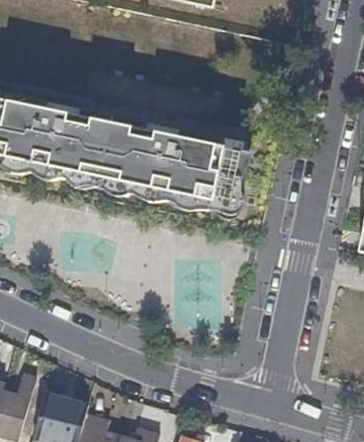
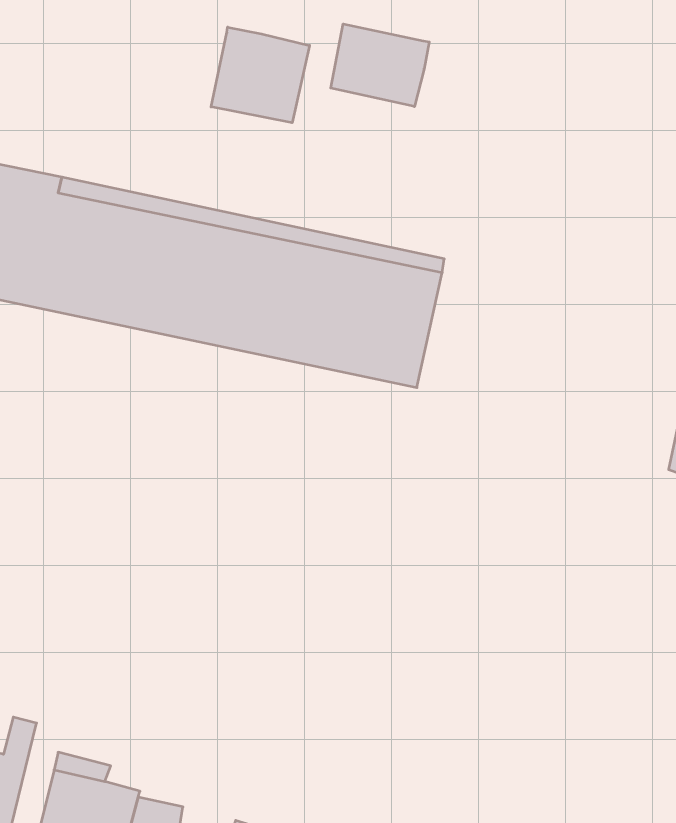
building: none -> [331,24,429,107]
building: none -> [211,27,310,123]

